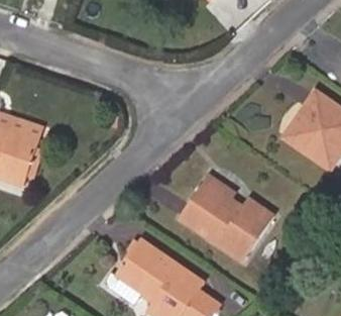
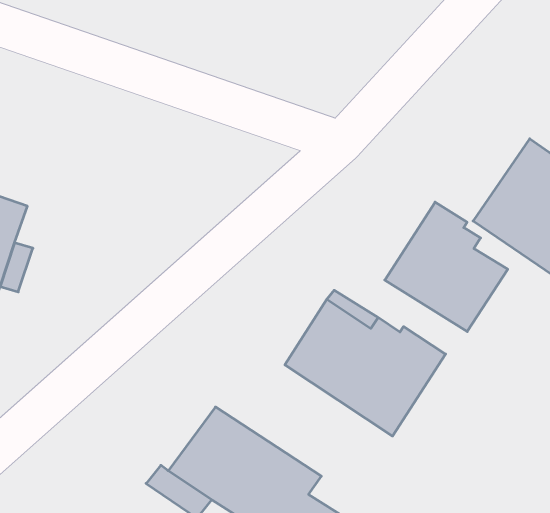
building: none -> [385,202,508,332]

